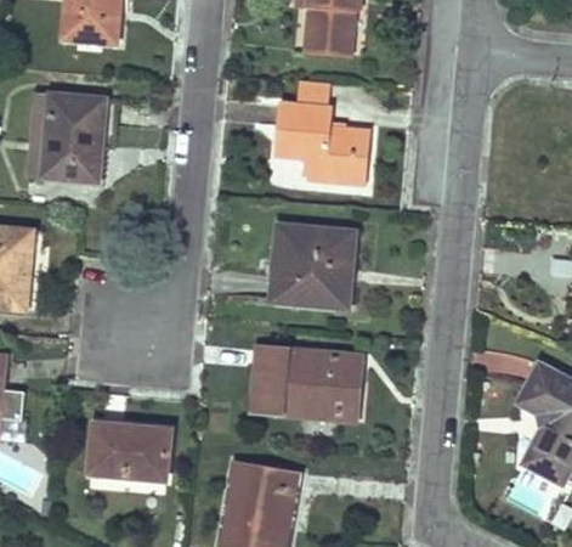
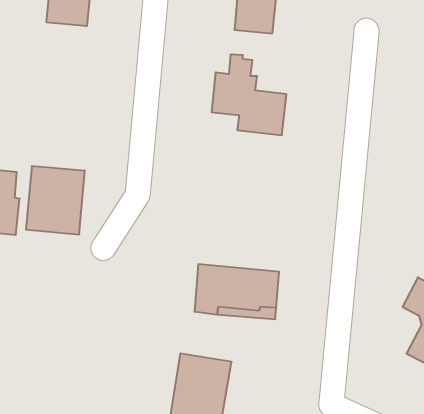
building: [30,94,106,181] -> [26,166,85,234]
building: [272,225,355,308] -> none
building: [91,424,169,479] -> none

